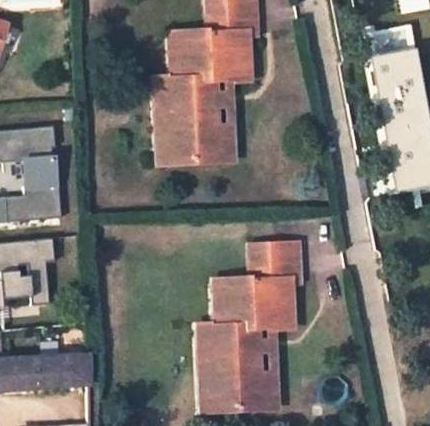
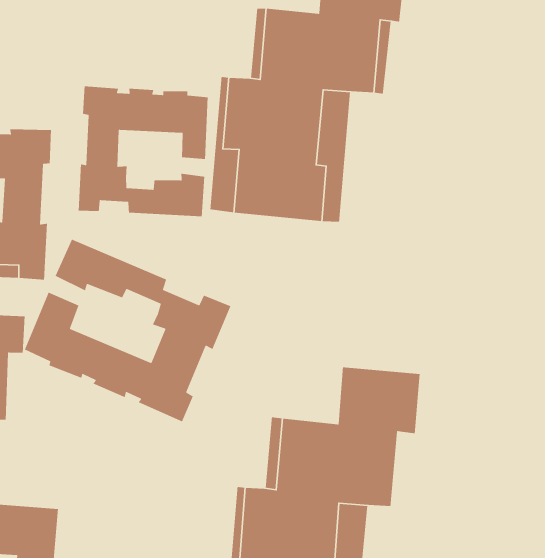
building: none -> [78,86,209,217]
building: none -> [24,238,231,423]

